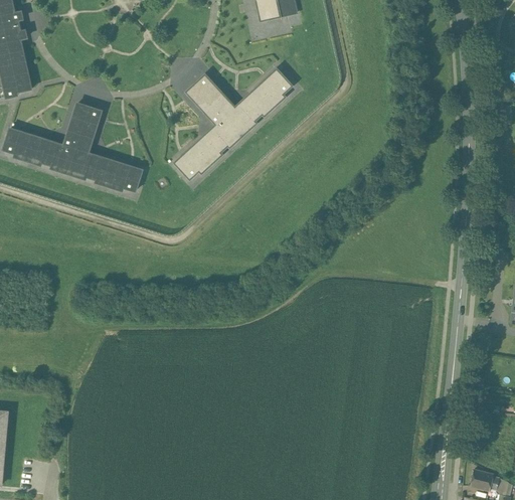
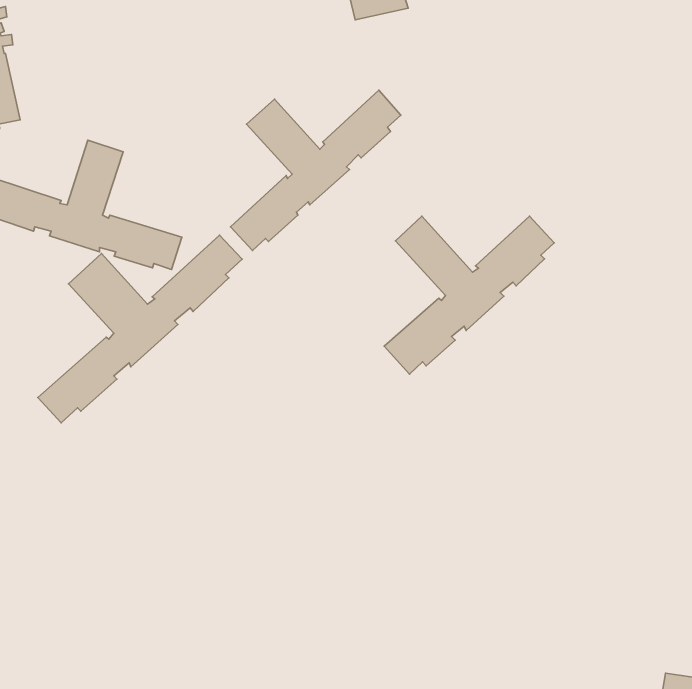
building: none -> [384,216,554,374]
building: none -> [38,235,242,423]

